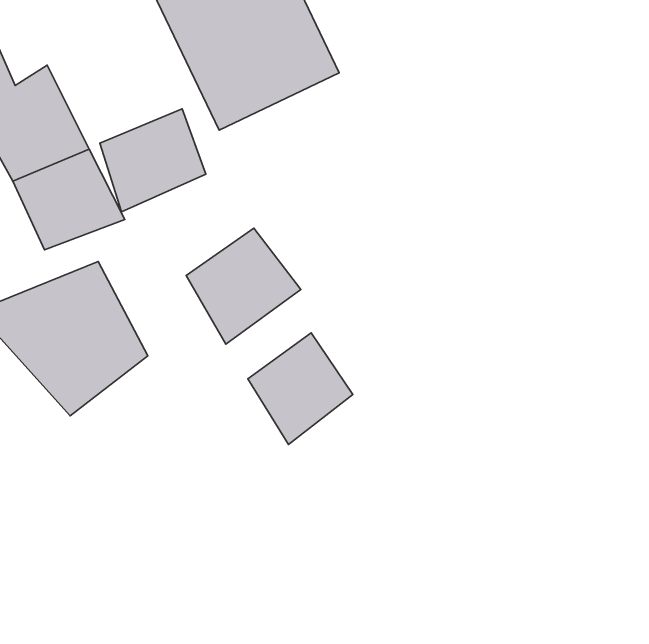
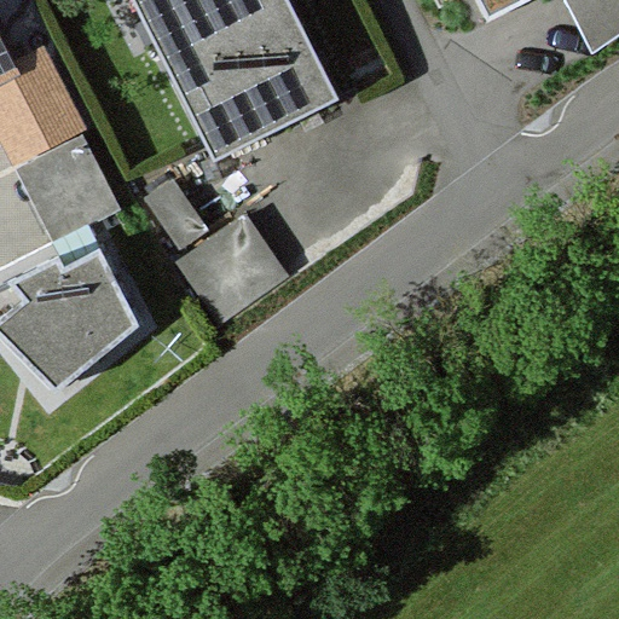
building: [100,109,206,212] -> none
building: [248,333,353,445] -> none

